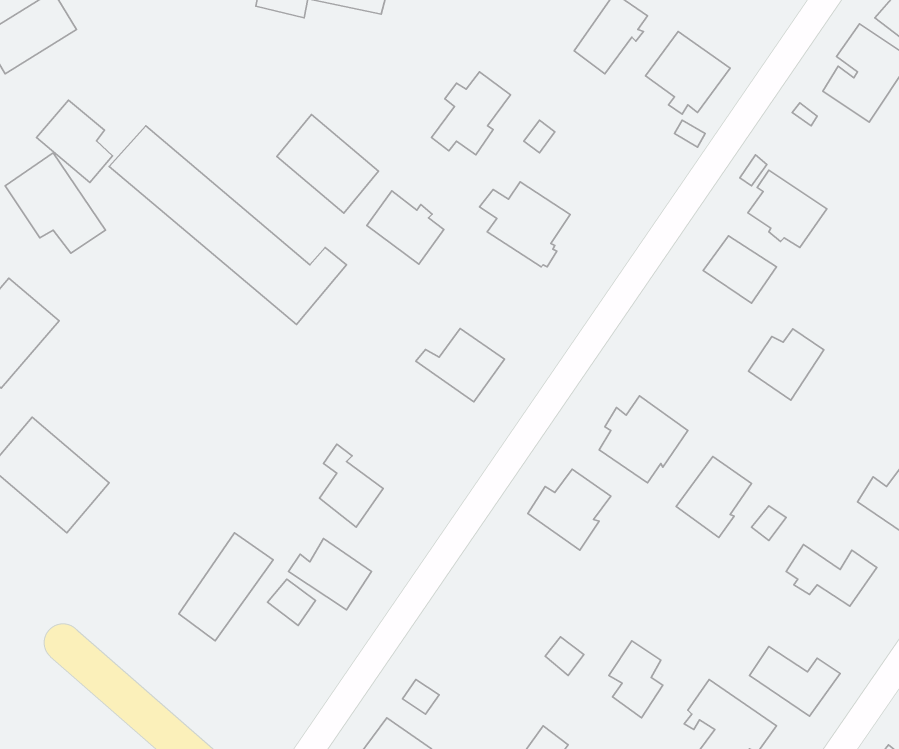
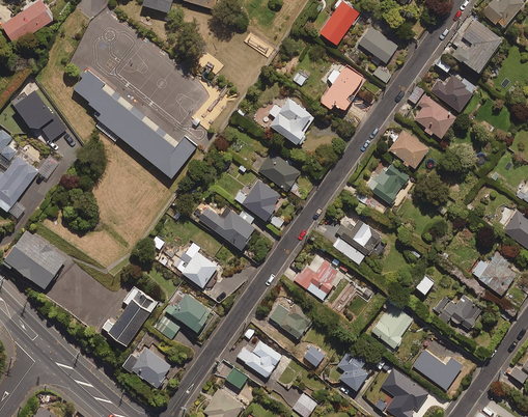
building: [431,72,511,155] -> [321,64,363,109]
building: [37,100,112,183] -> none
building: [277,115,378,213] -> none
building: none -> [430,74,476,111]
building: [367,191,444,264] -> [258,151,300,191]
building: [749,329,824,400] -> [367,165,408,203]
building: none -> [207,211,256,249]
building: [676,456,751,537] -> [371,305,412,349]
building: none -> [269,298,313,339]
building: none -> [238,341,281,378]
building: none -> [122,349,170,387]

